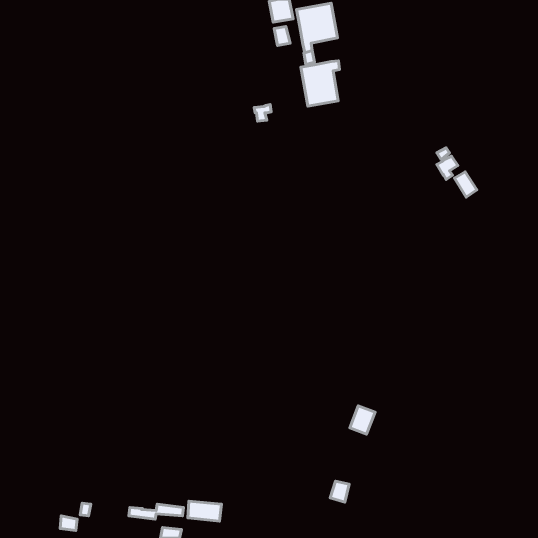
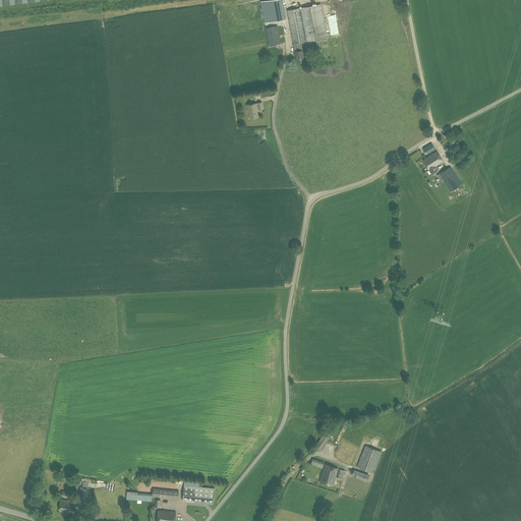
building: [301,61,339,106] -> none
building: [350,406,375,434] -> [356,445,381,472]

